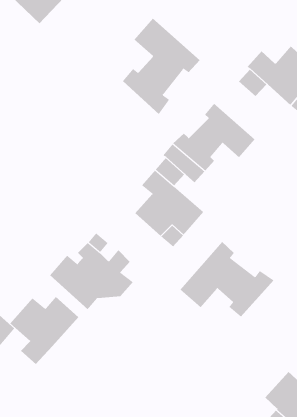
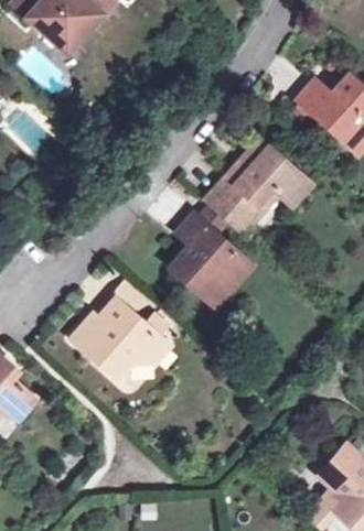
building: [122,18,201,115] -> none
building: [180,241,275,318] -> none
building: [10,296,79,365] -> none

